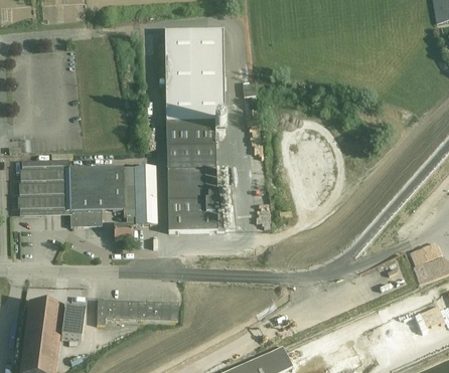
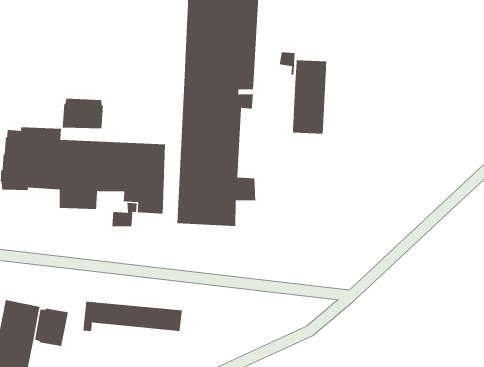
building: none -> [292,59,327,135]
building: none -> [62,98,104,129]

